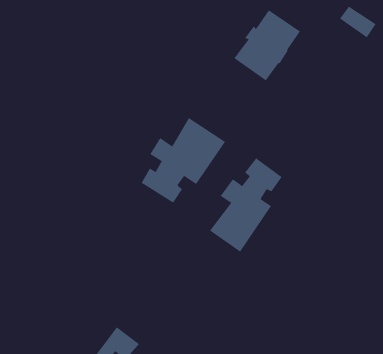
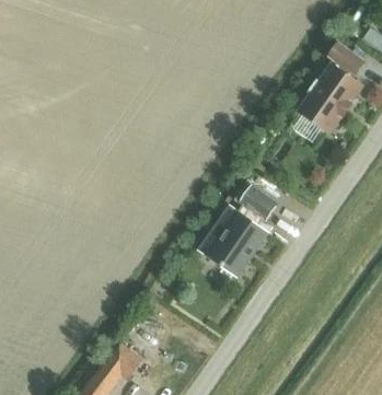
building: [234,9,301,81] -> [298,63,361,131]
building: [141,117,226,203] -> none

